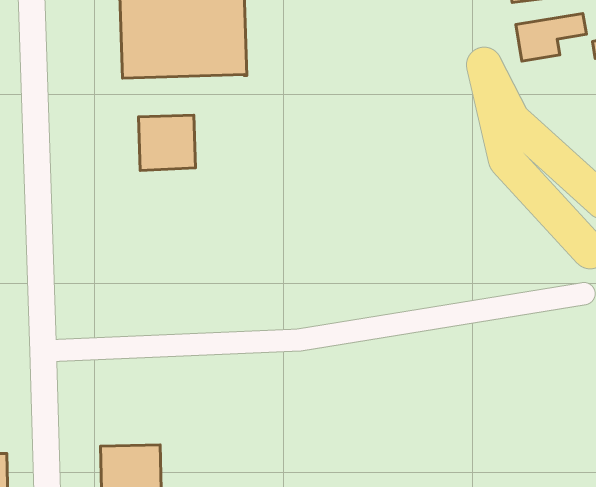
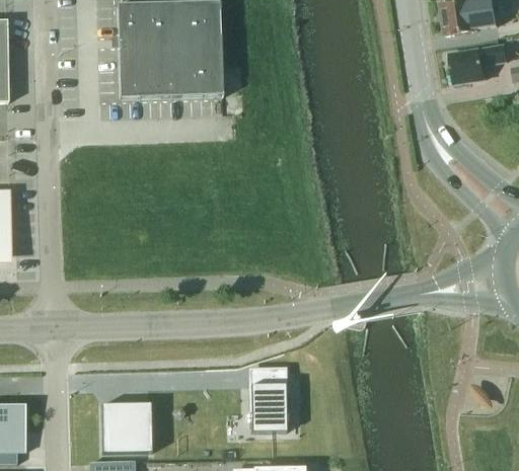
building: [138,115,195,171] -> none
building: none -> [250,367,287,431]

